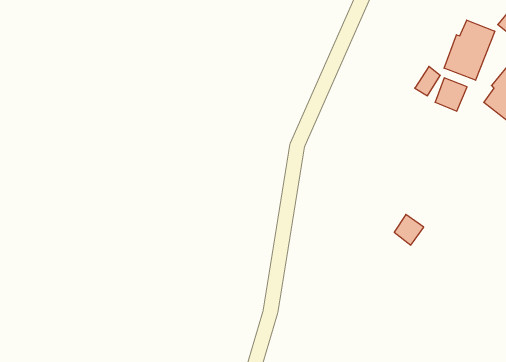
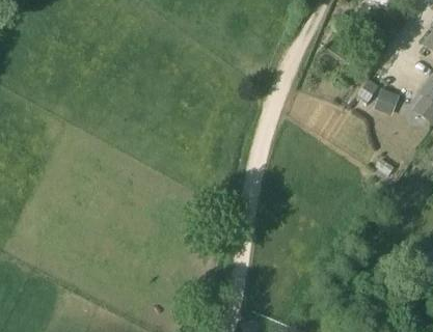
building: [444,20,495,80] -> none

